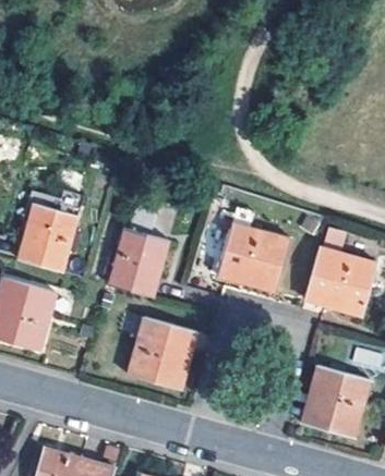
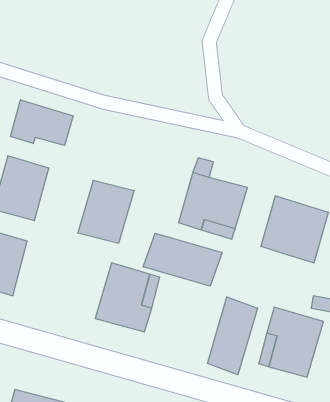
building: none -> [10,100,73,145]
building: none -> [143,233,222,286]
building: none -> [207,297,257,375]

